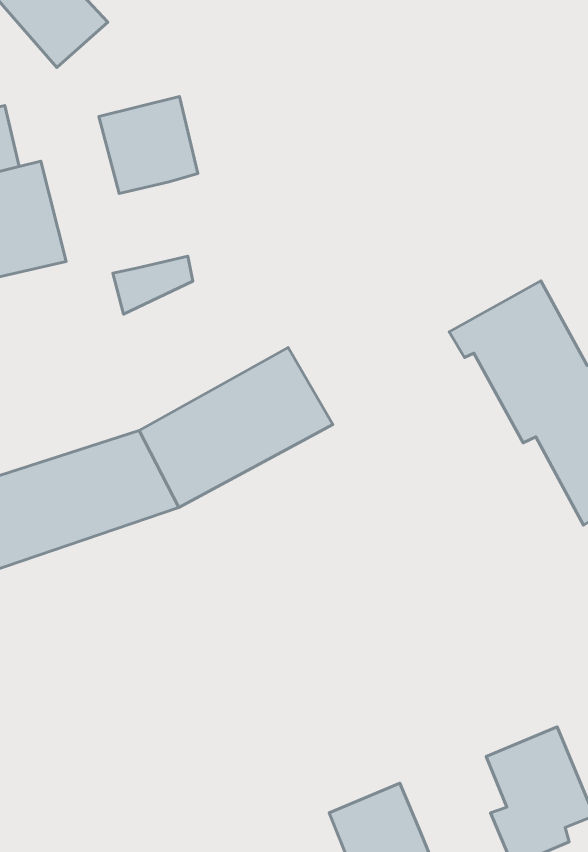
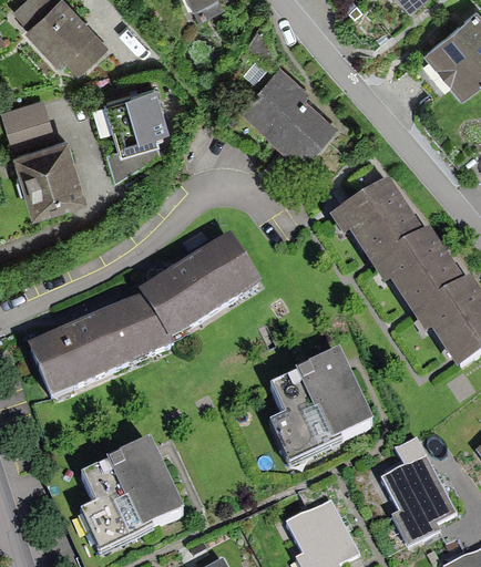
building: none -> [240,62,331,157]
building: [113,256,193,314] -> [104,135,155,175]
building: none -> [256,359,359,468]
building: none -> [80,447,183,557]

